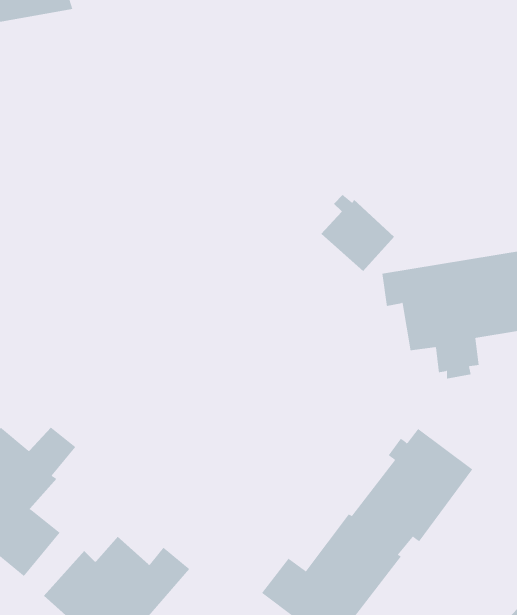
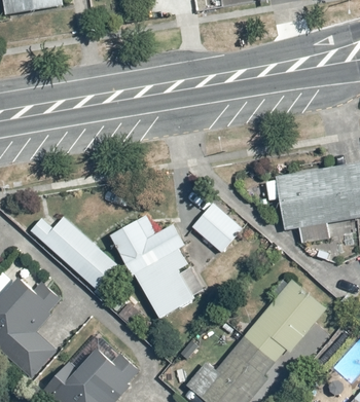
building: [320,194,395,272] -> [192,200,241,251]
building: none -> [109,214,192,316]
building: none -> [31,216,120,292]

